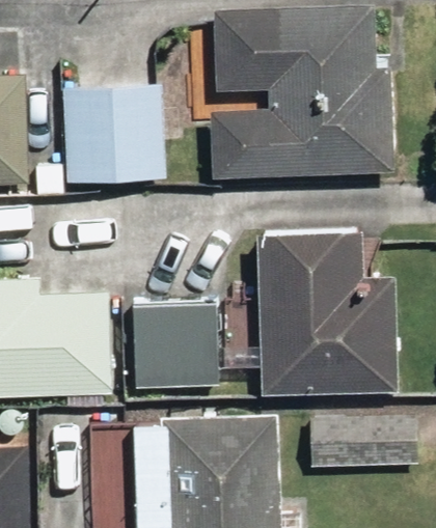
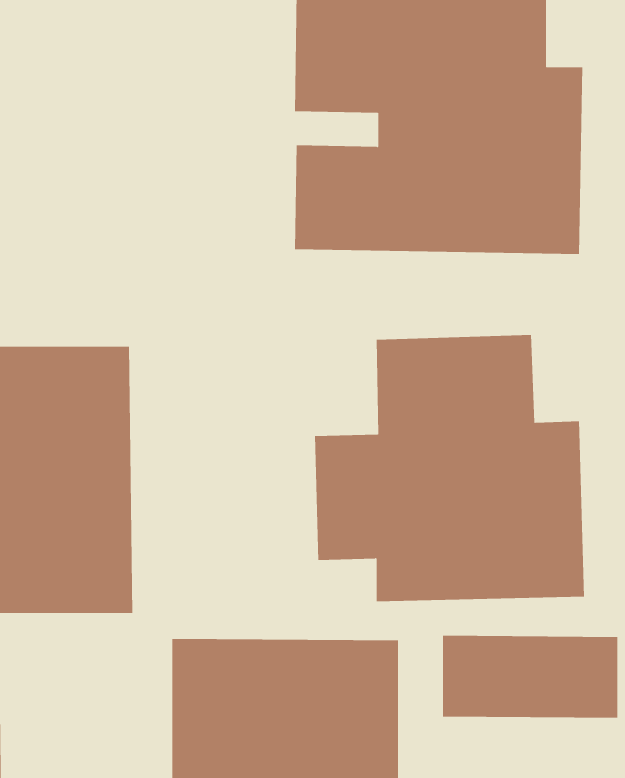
building: [63,85,160,180] -> none
building: [134,305,218,391] -> none

